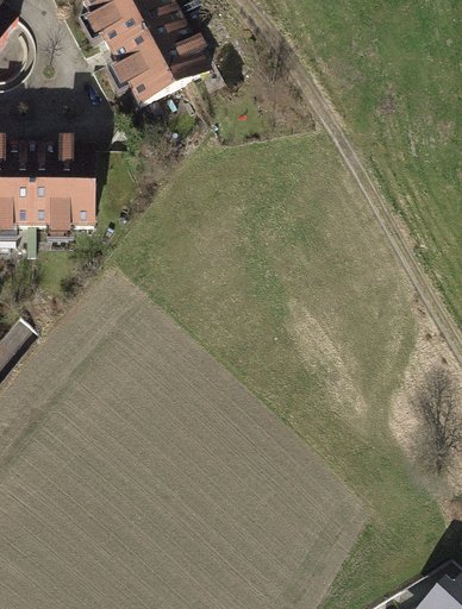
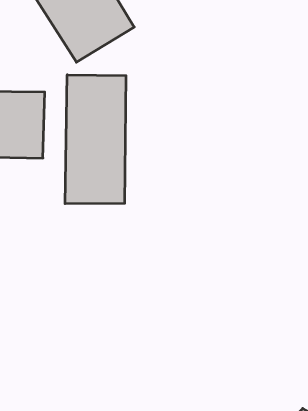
building: none -> [65,75,126,204]

